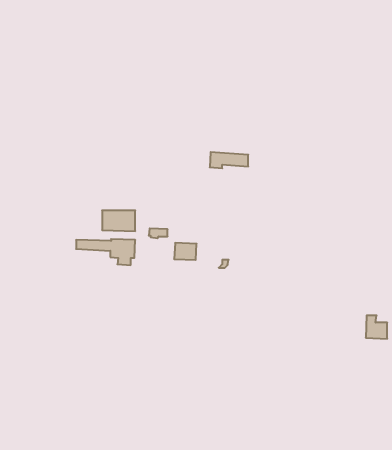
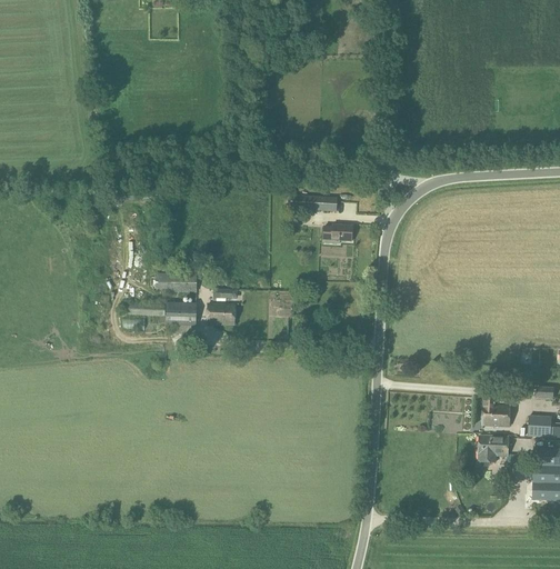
building: none -> [323,224,353,244]
building: [174,243,197,260] -> [208,303,236,325]
building: none -> [480,436,509,467]

